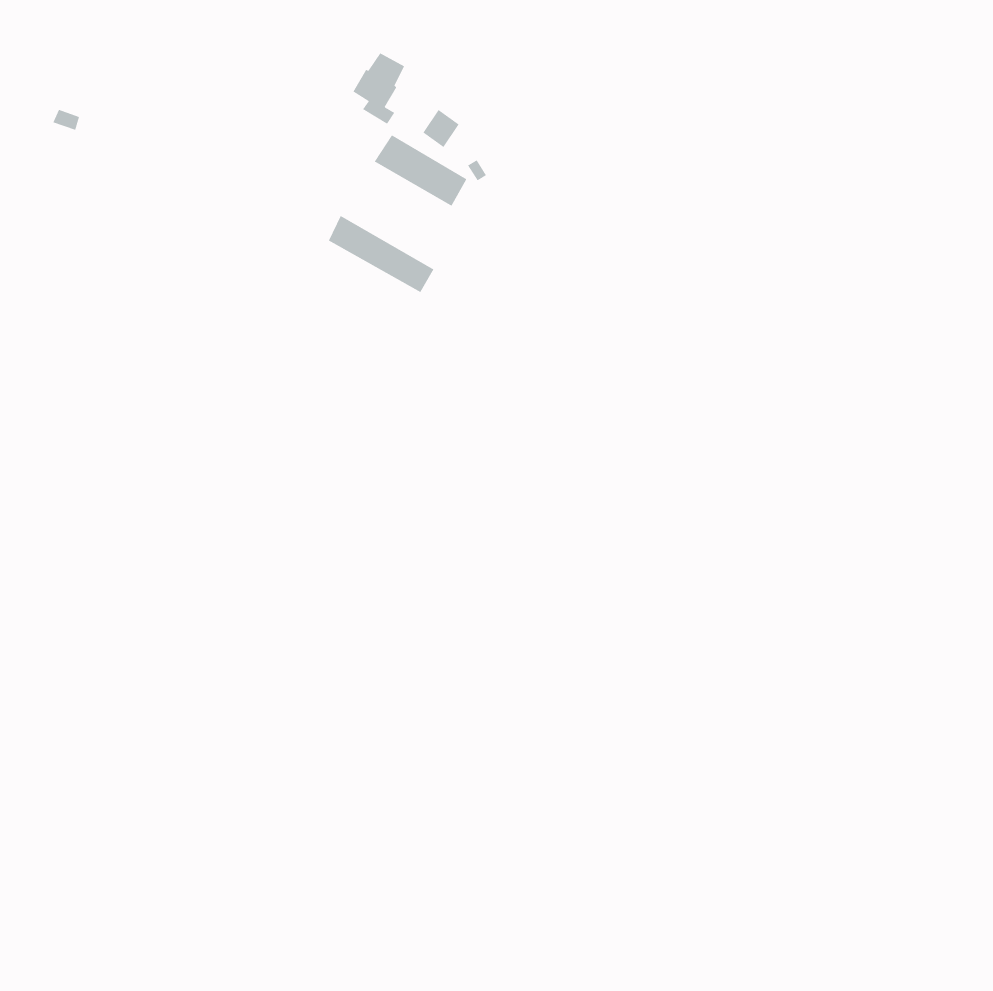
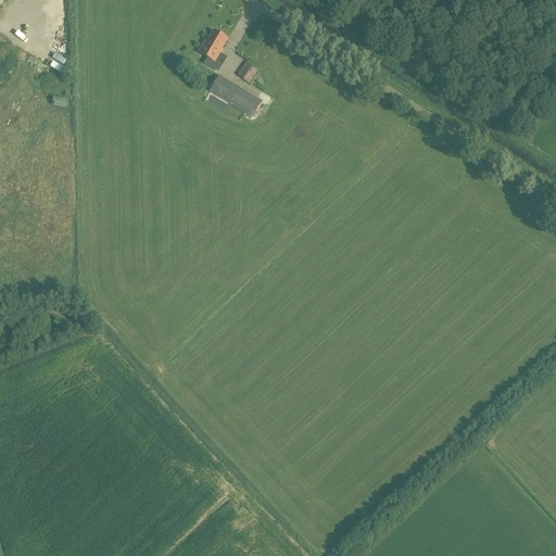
building: [328,215,434,293] -> none

